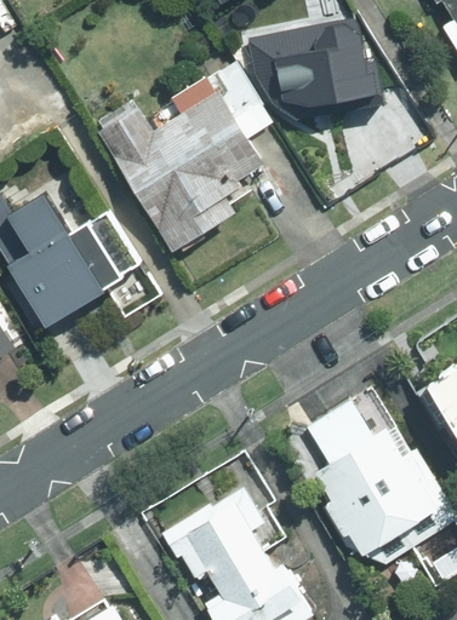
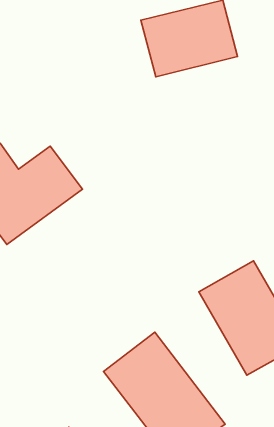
building: [93,90,264,253] -> none

